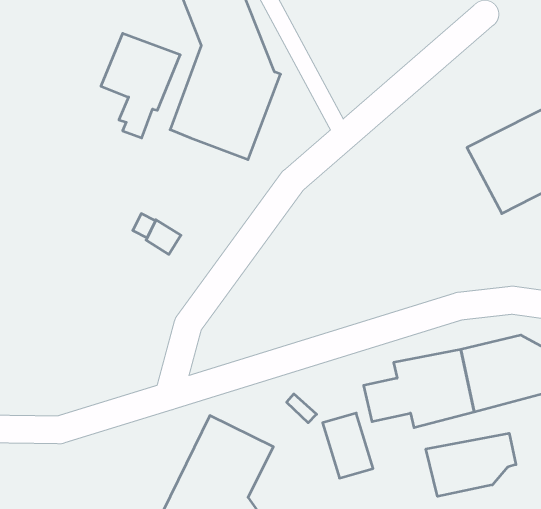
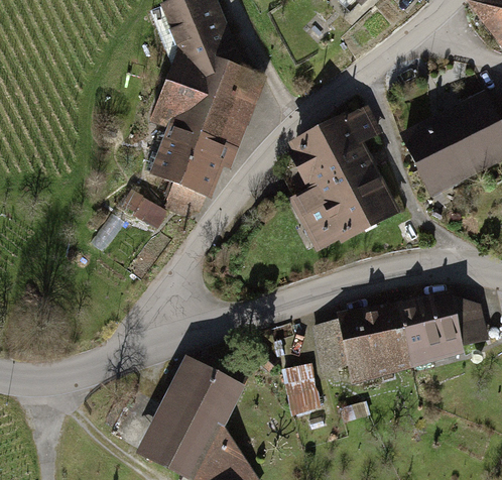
building: [101,33,180,138] -> [154,129,221,217]
building: none -> [292,108,394,246]
building: [426,433,516,496] -> none

